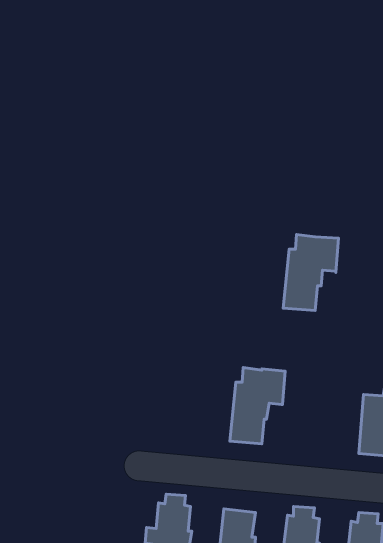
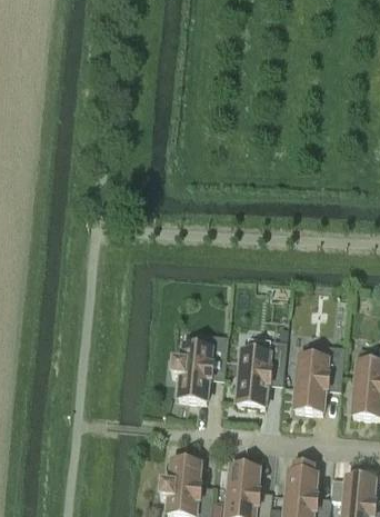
building: [283,234,338,311] -> [293,344,343,412]
building: none -> [171,334,228,401]

